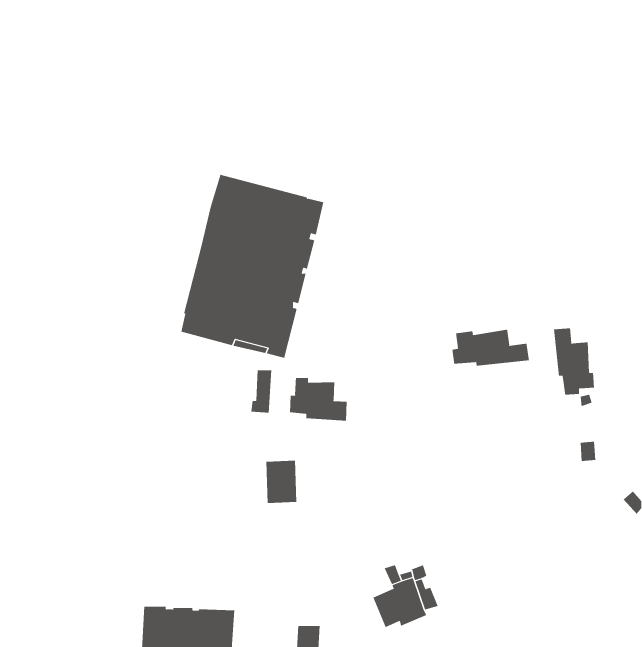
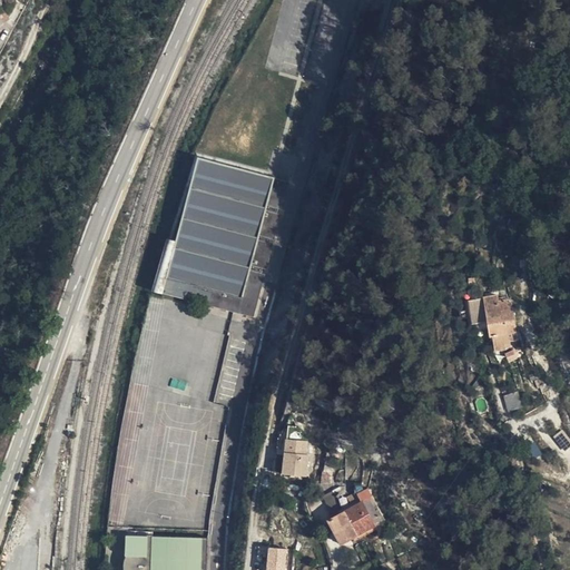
building: [452,329,530,366] -> none
building: [289,377,347,422] -> none
building: [265,460,297,503] -> [275,441,303,479]

